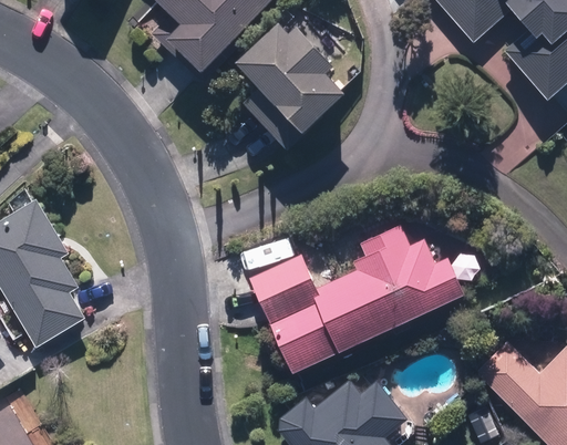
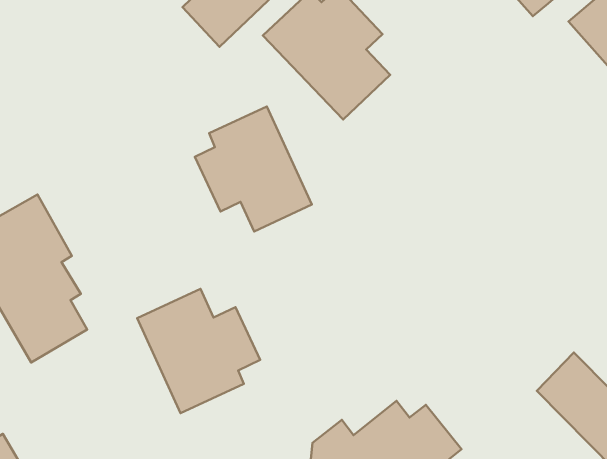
building: none -> [195,106,312,231]
building: [249,224,464,374] -> none
building: none -> [137,289,260,413]

